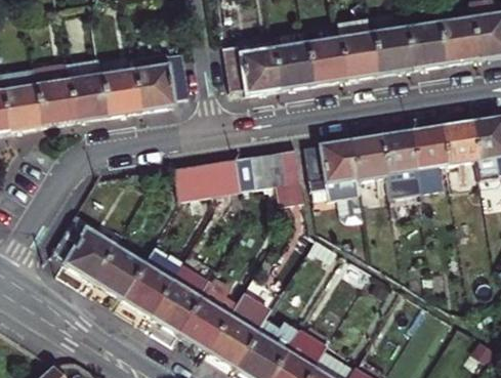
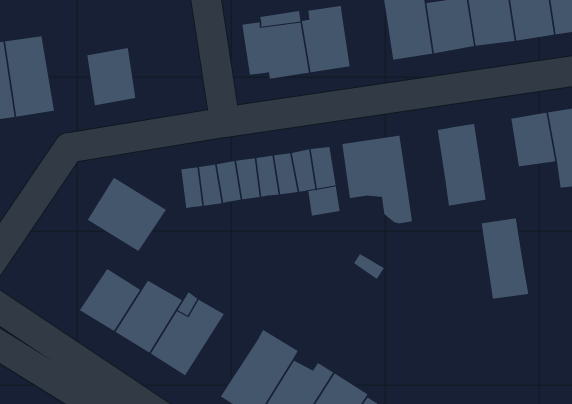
building: [305,38,345,84] -> none
building: [130,53,189,110] -> none
building: [62,54,105,120] -> none
building: [412,126,451,192] -> [481,218,529,299]
building: [351,135,387,179] -> none
building: [50,220,115,281] -> [87,177,167,252]
building: [178,278,237,350] -> none

